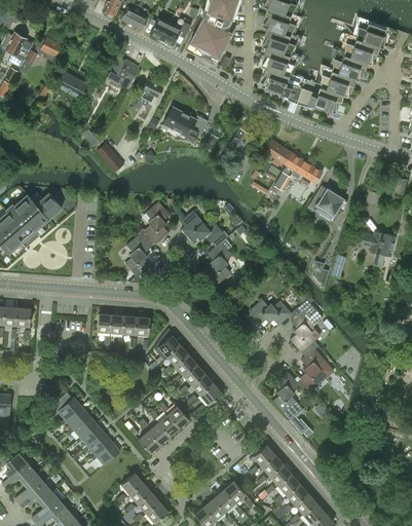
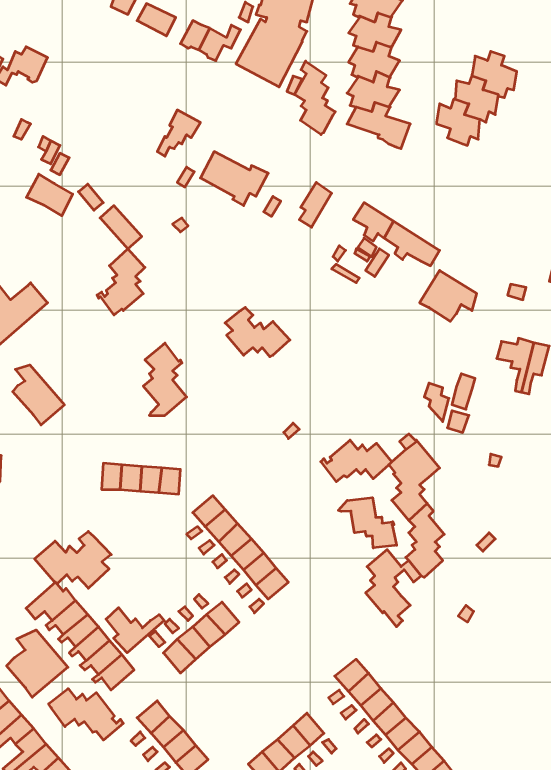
building: [357,23,386,53] -> none
building: none -> [295,61,335,135]
building: [107,54,139,86] -> none
building: [57,70,87,98] -> [26,174,73,216]
building: [297,86,338,113] -> none
building: [138,201,170,246] -> [97,249,145,315]
building: [207,229,232,283] -> none
building: none -> [13,365,64,425]
building: none -> [338,498,397,548]
building: none -> [35,531,111,588]
building: none -> [106,608,164,653]
building: none -> [7,630,68,697]
building: none -> [49,689,123,740]

